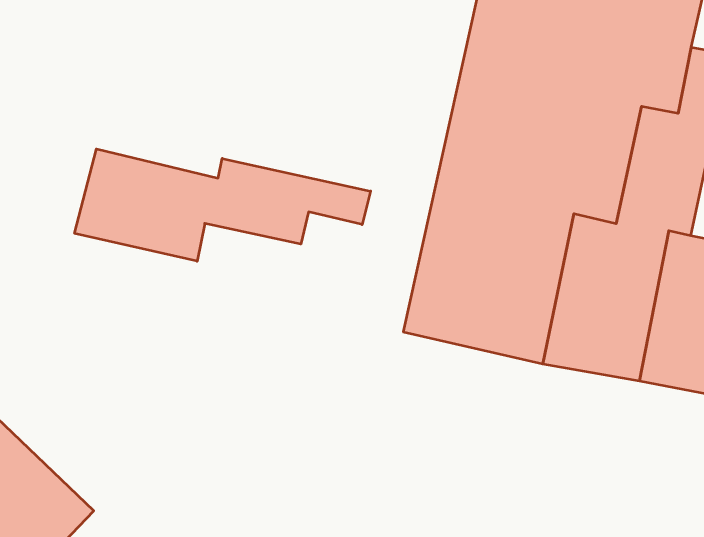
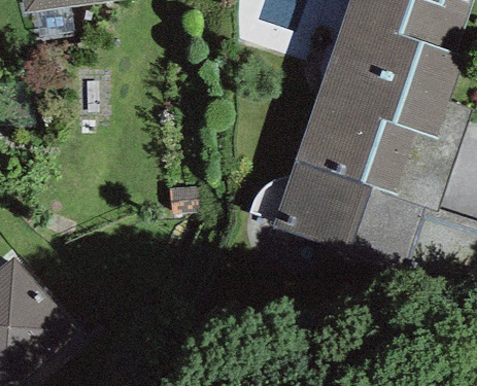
building: [75,149,371,261] -> none

